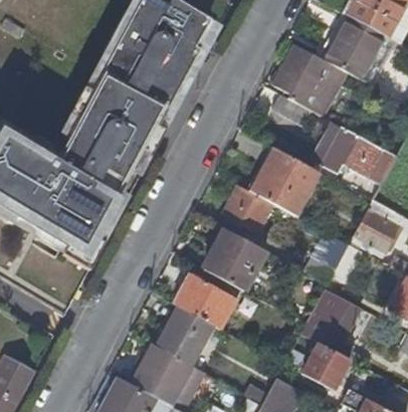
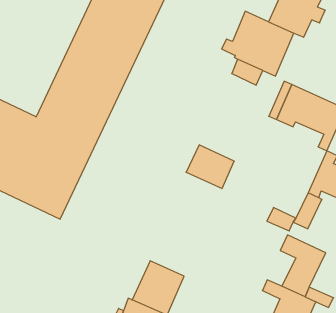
building: [248,148,318,217] -> none
building: [204,230,266,291] -> none
building: [173,272,236,330] -> none

